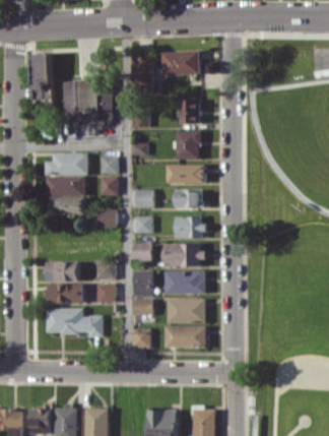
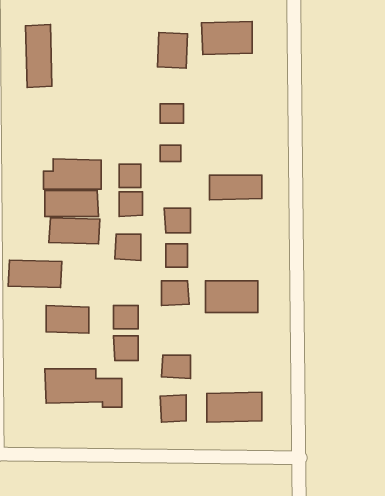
building: [62,78,111,120] -> none
building: [180,100,198,123] -> none
building: [176,131,199,160] -> none
building: [175,189,201,207] -> none
building: [175,216,203,237] -> none
building: [132,270,152,296] -> none
building: [163,270,205,294] -> none
building: [45,283,84,303] -> [8,260,62,288]
building: [167,298,205,323] -> none

